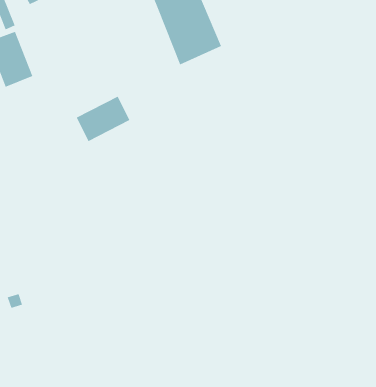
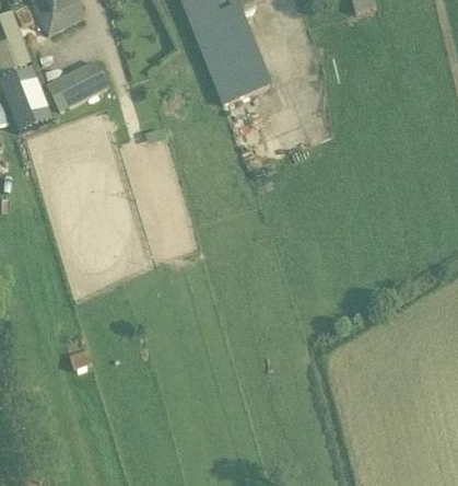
building: [76,96,130,142] -> [44,57,107,111]

